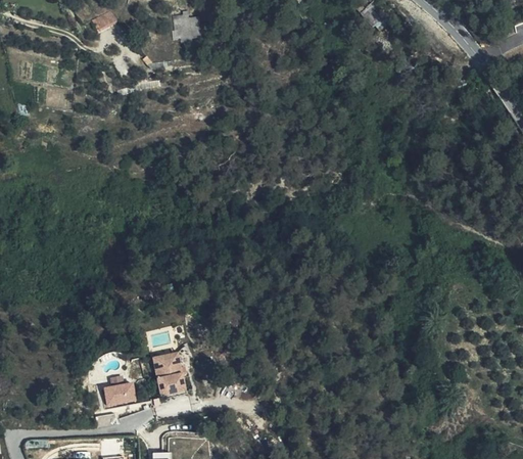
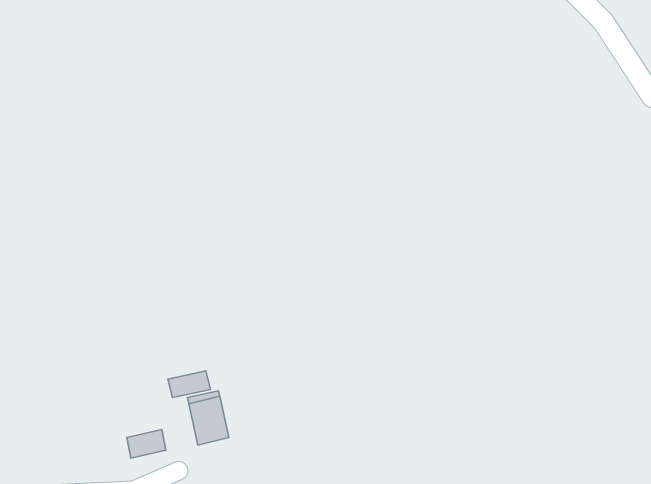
building: none -> [168,371,211,398]

